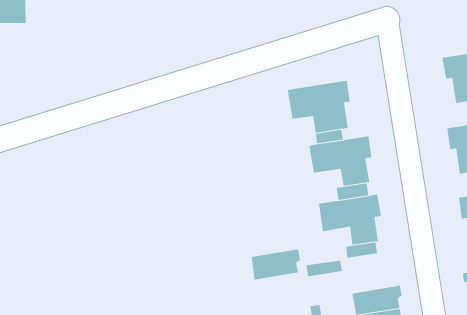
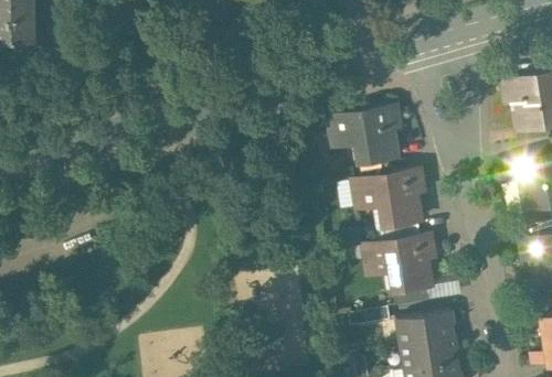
building: [251,249,301,280] -> [397,311,454,346]

